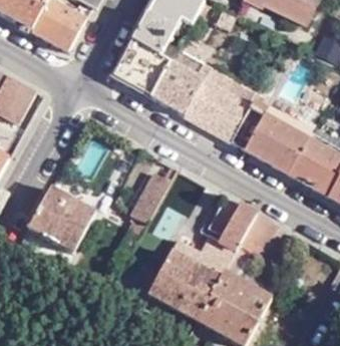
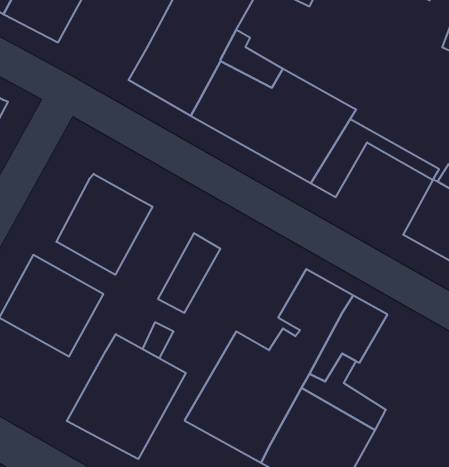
building: [245,114,307,174] -> none
building: none -> [56,174,153,275]
building: none -> [67,334,186,459]

